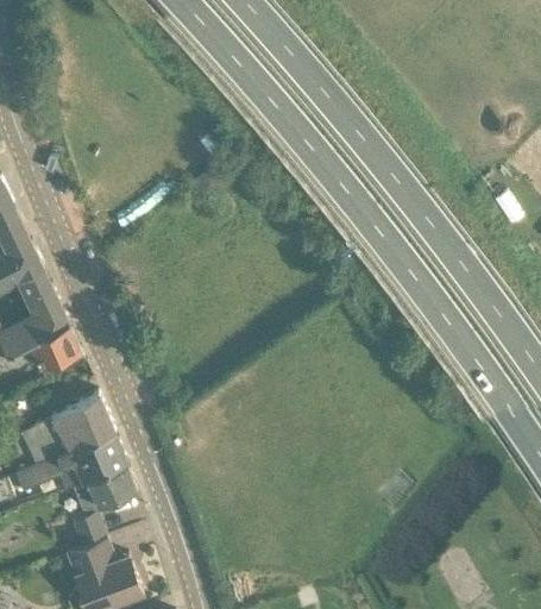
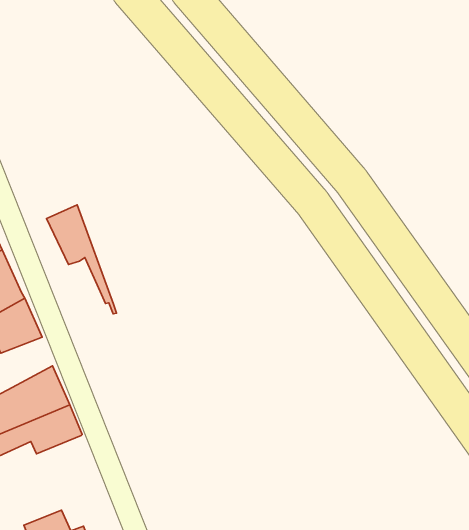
building: none -> [46,205,116,314]
building: [69,465,136,546] -> none

